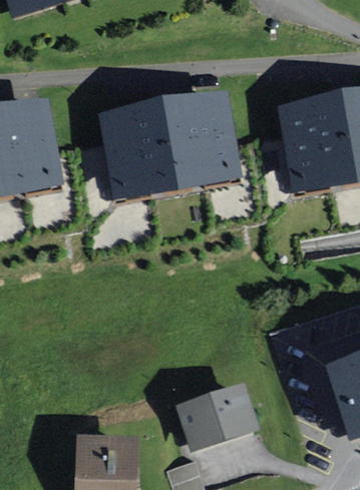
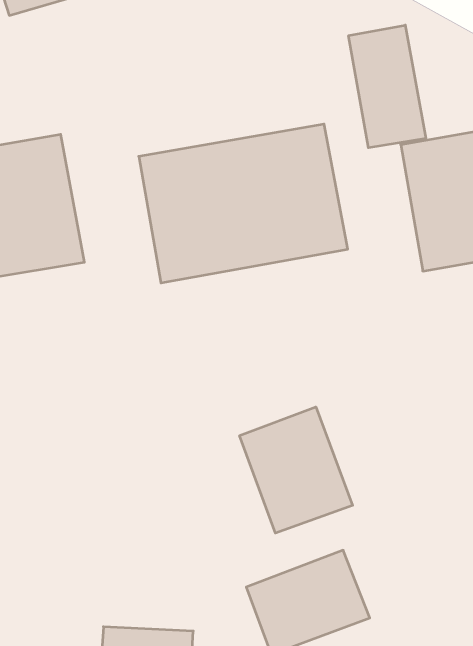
building: none -> [349,25,426,148]
building: none -> [240,407,353,533]

